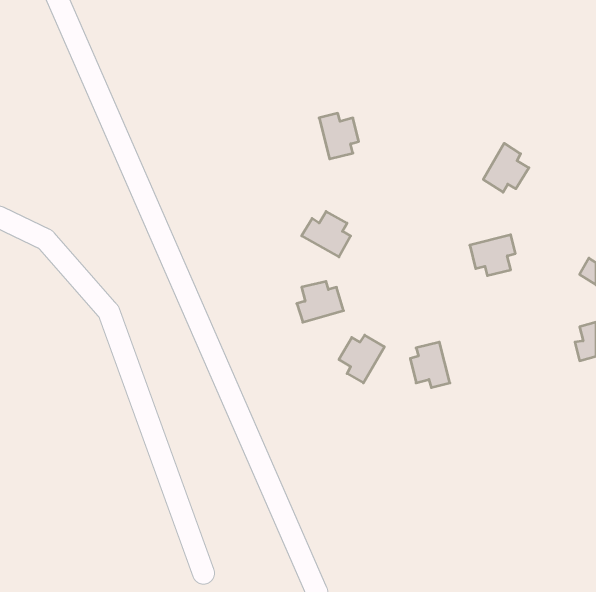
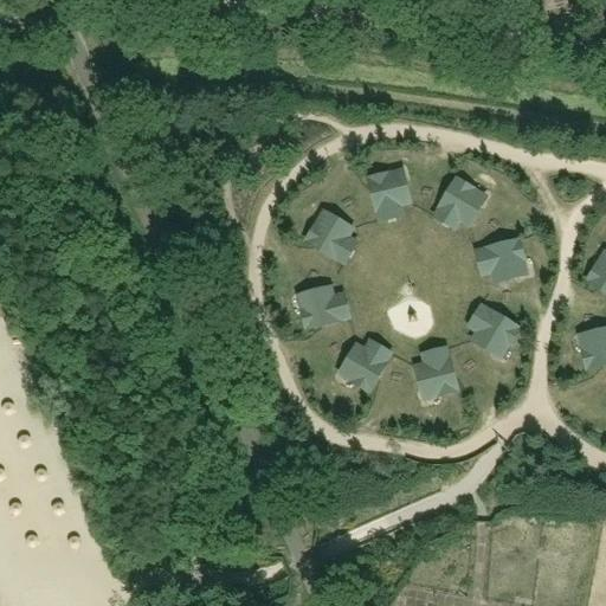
building: [319,113,359,159] -> [368,172,408,218]
building: [483,143,529,192] -> [434,176,481,226]
building: none -> [469,304,517,350]

